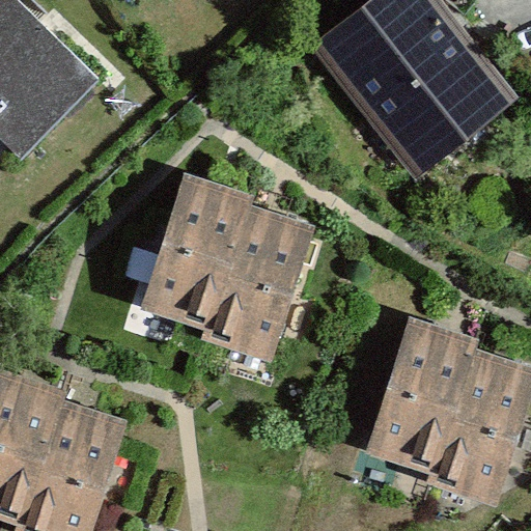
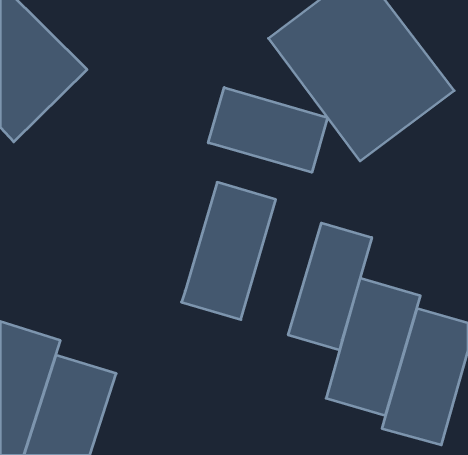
building: none -> [208,87,327,172]
building: [144,175,249,330] -> none
building: none -> [288,223,372,350]

